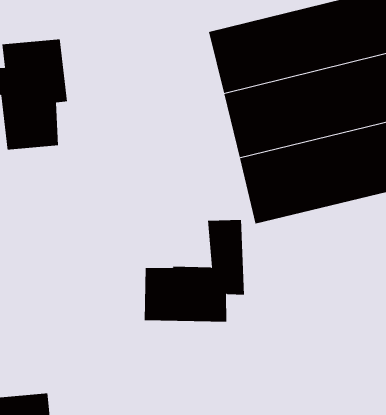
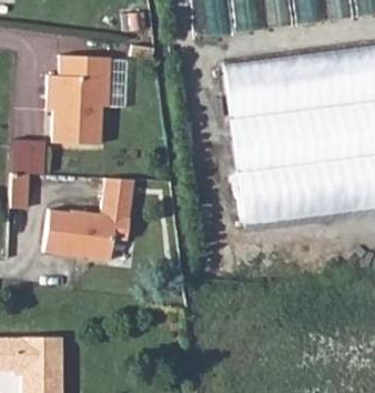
building: [144,219,245,322] -> [43,179,131,262]

